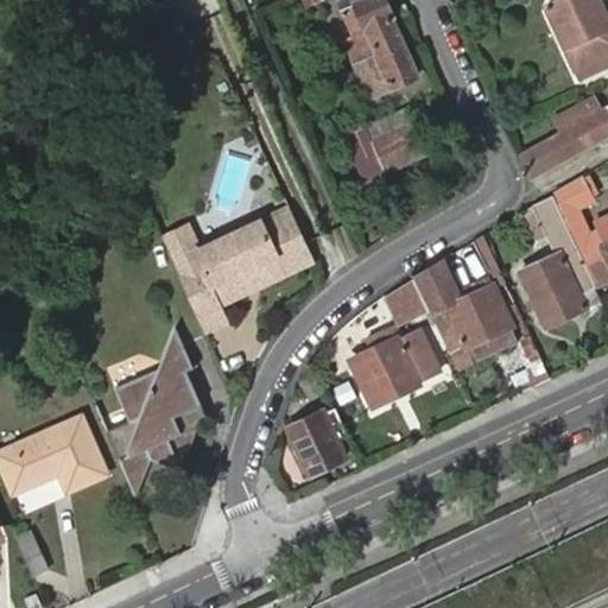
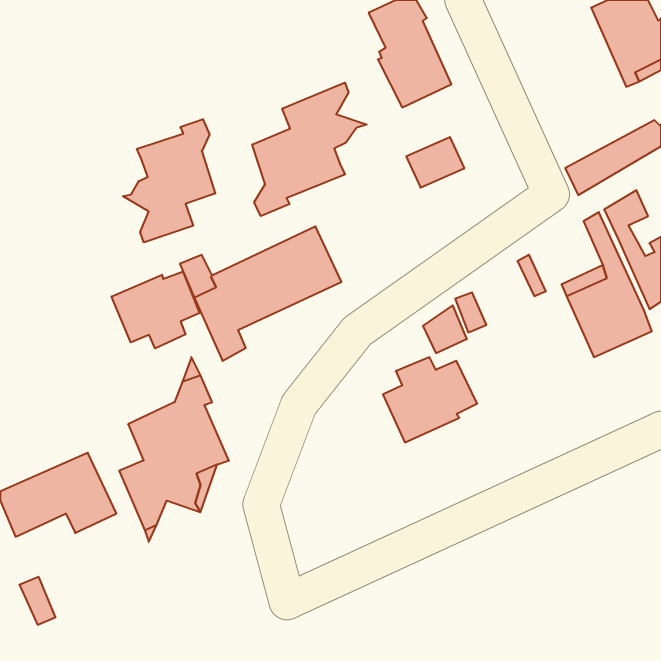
building: none -> [252,83,367,216]
building: none -> [123,119,215,242]
building: none -> [112,271,200,348]
building: [435,289,514,349] -> none
building: [289,411,344,474] -> none

